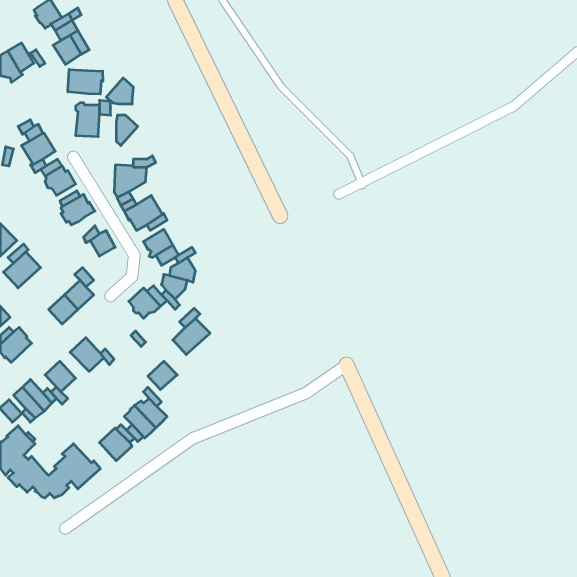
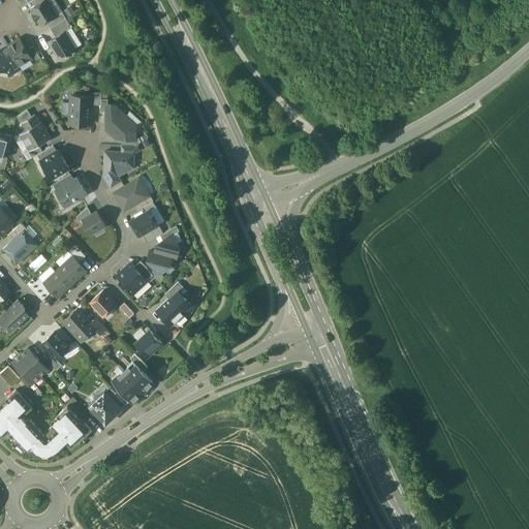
building: [68,69,103,94] -> none
building: [106,78,133,104] -> [111,116,135,139]
building: none -> [90,289,117,317]

